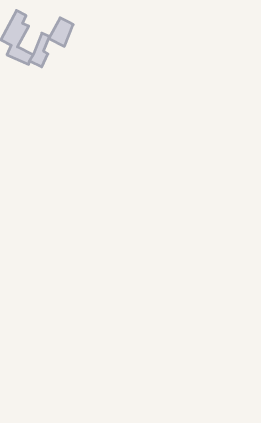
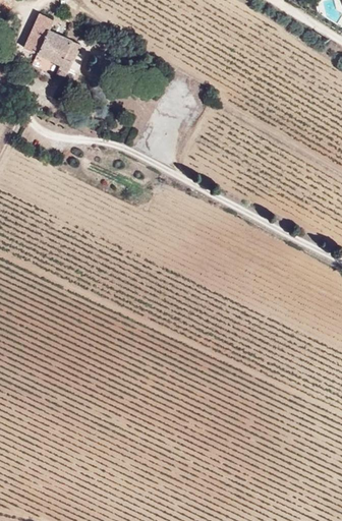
building: [49,18,73,46] -> [44,35,72,68]

